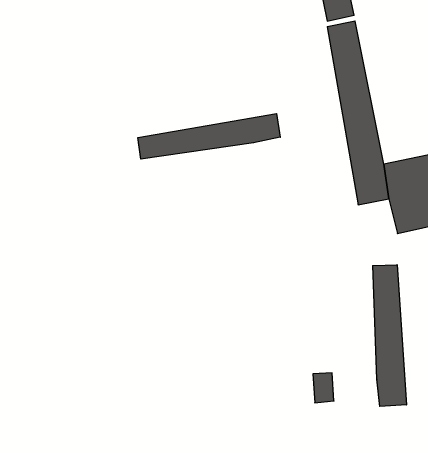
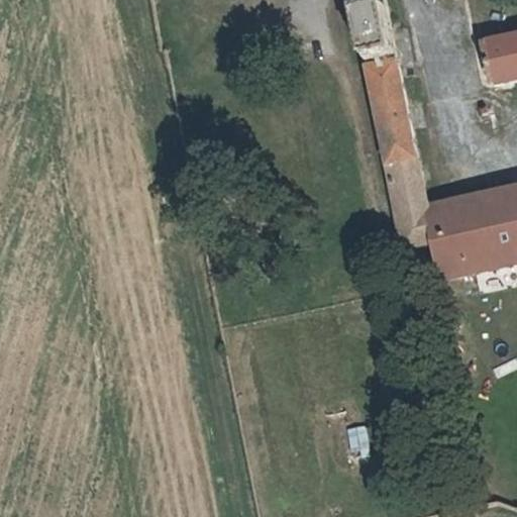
building: [138,114,280,159] -> none
building: [373,265,406,406] -> none

